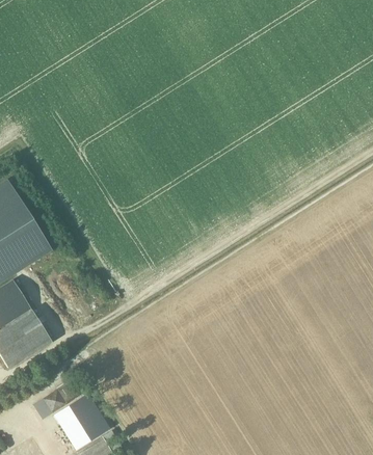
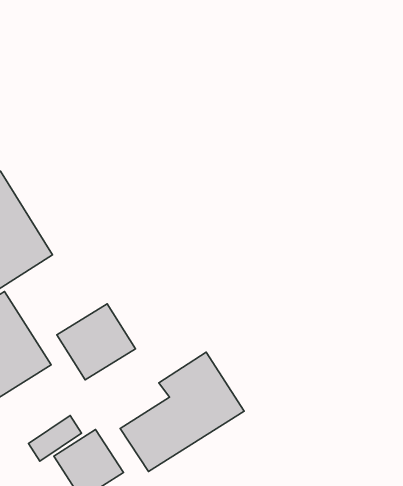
building: none -> [57,304,135,380]
building: none -> [120,352,244,471]

